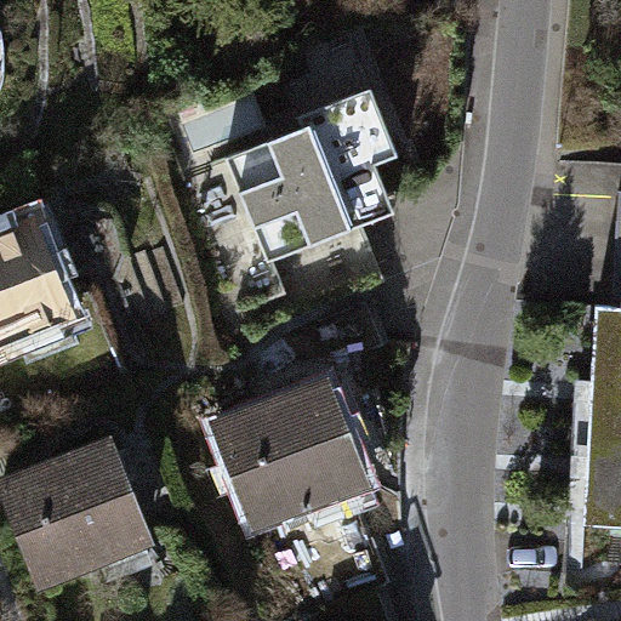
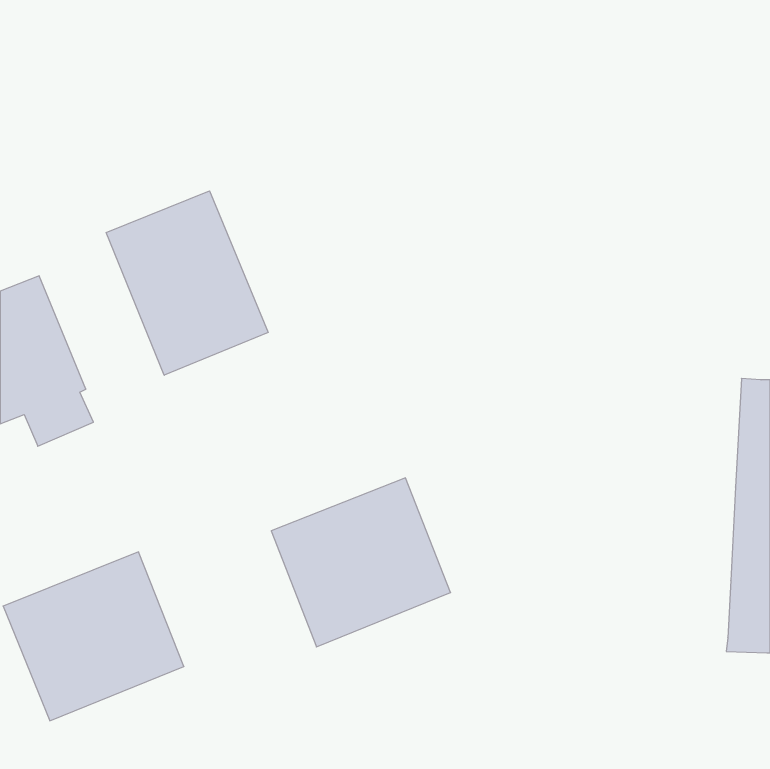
building: [226,87,398,262] -> none
building: none -> [106,191,268,375]

